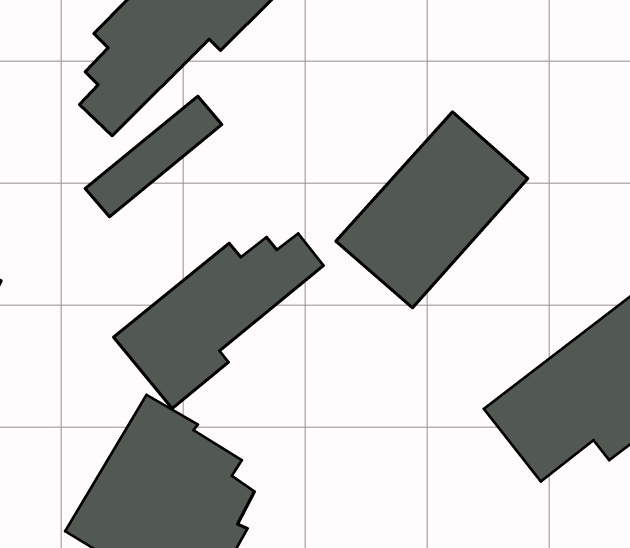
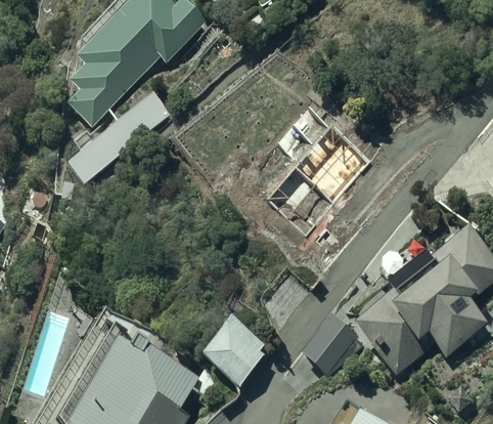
building: [113,233,323,409] -> none
building: none -> [299,305,361,369]
building: none -> [196,319,265,387]

